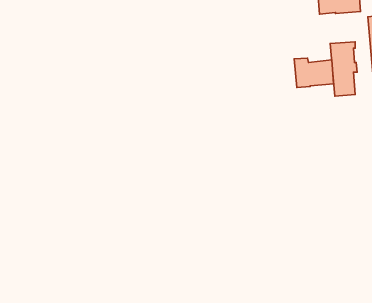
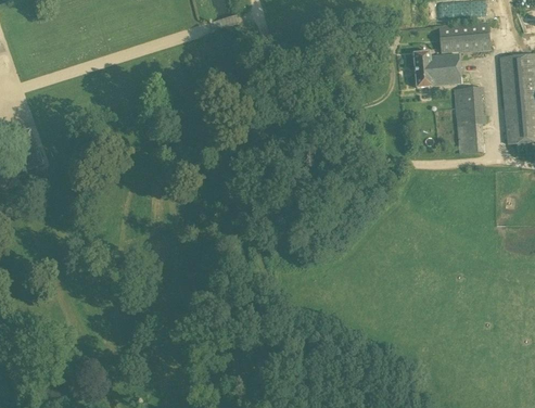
building: [294,58,333,87] -> [413,51,461,87]

